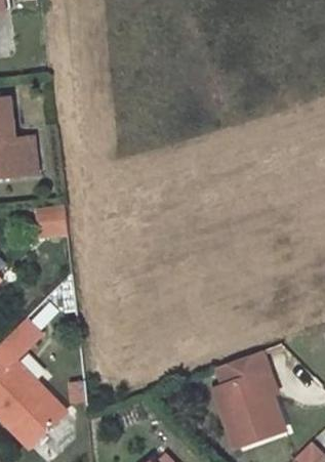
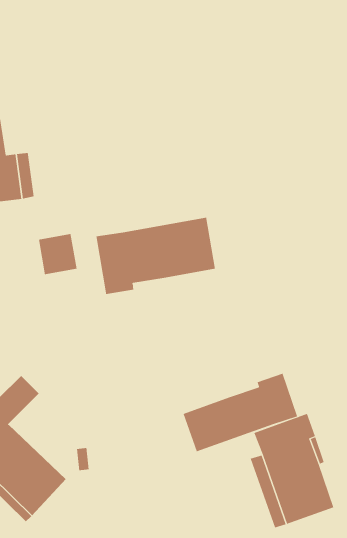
building: none -> [96,217,215,295]
building: none -> [183,373,298,452]

